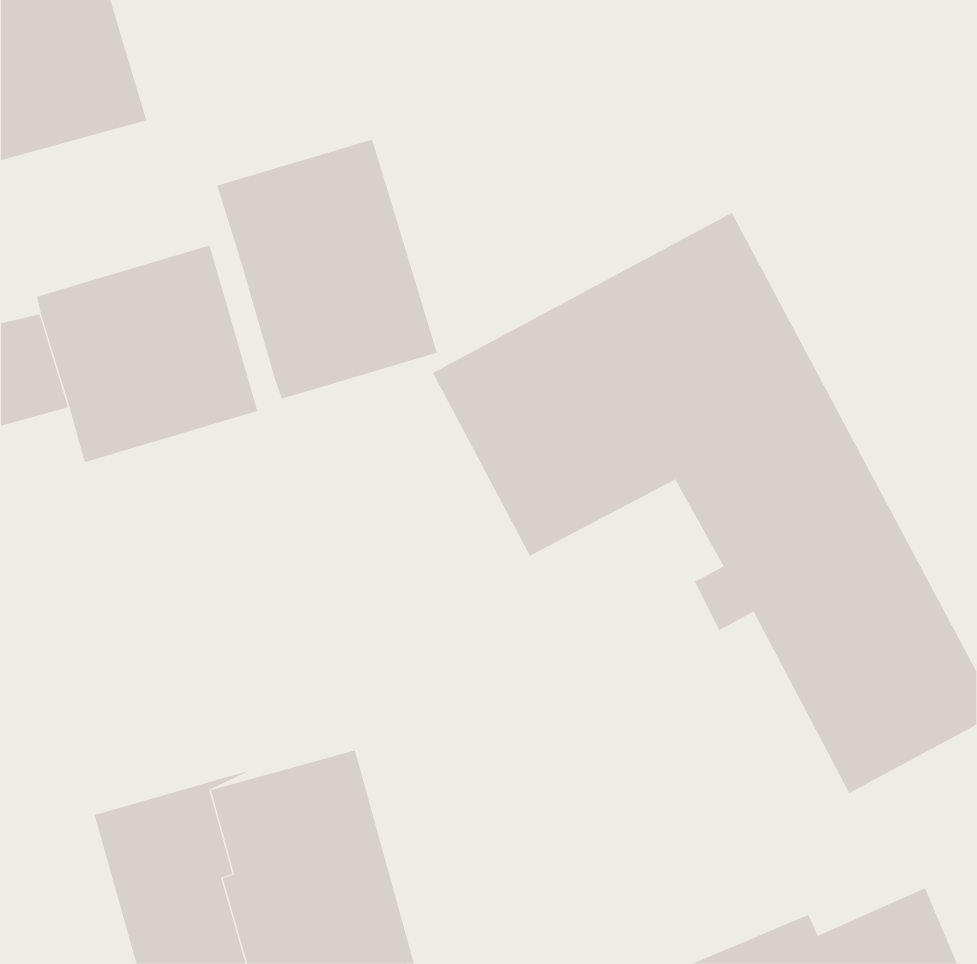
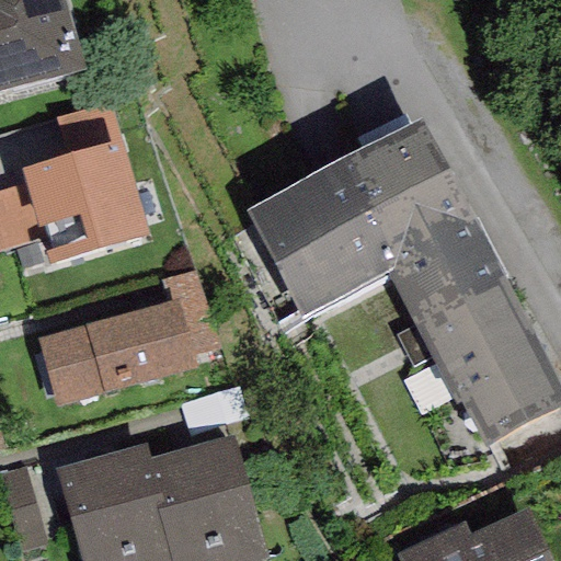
building: [217,139,437,400] -> none
building: none -> [37,298,195,405]

